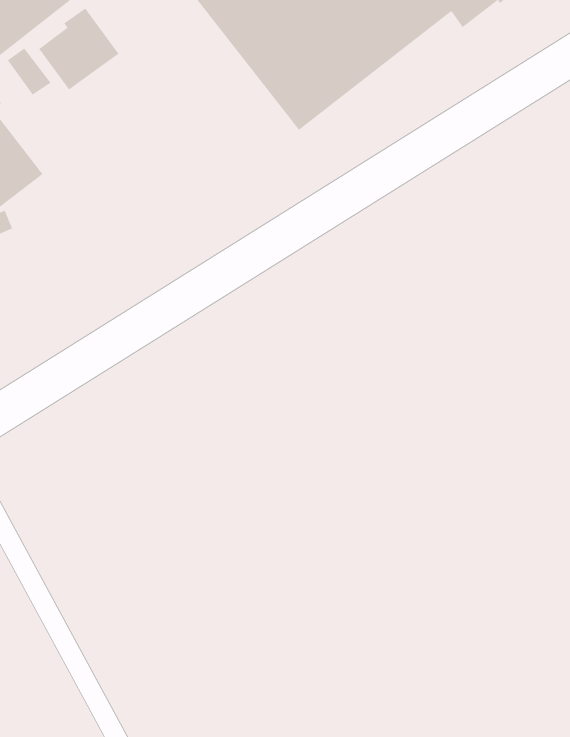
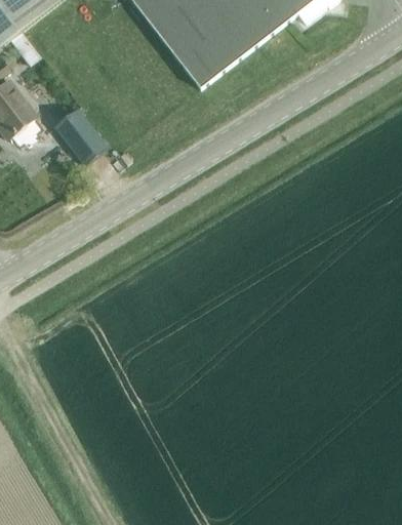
building: [38,7,120,91] -> none
building: none -> [54,105,108,162]

